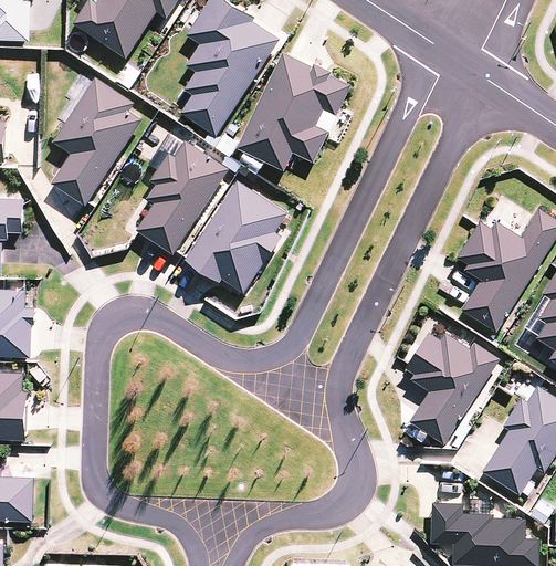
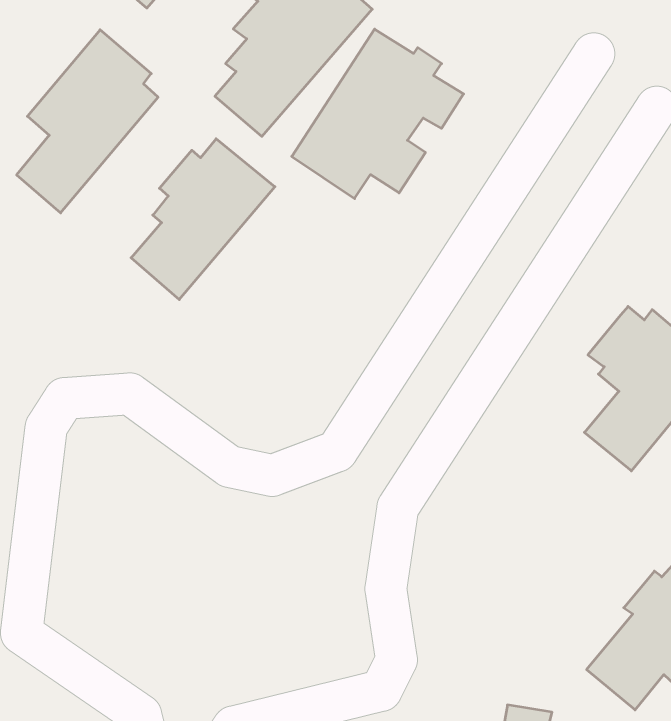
building: [185,180,286,294] -> none
building: [403,332,499,444] -> none

